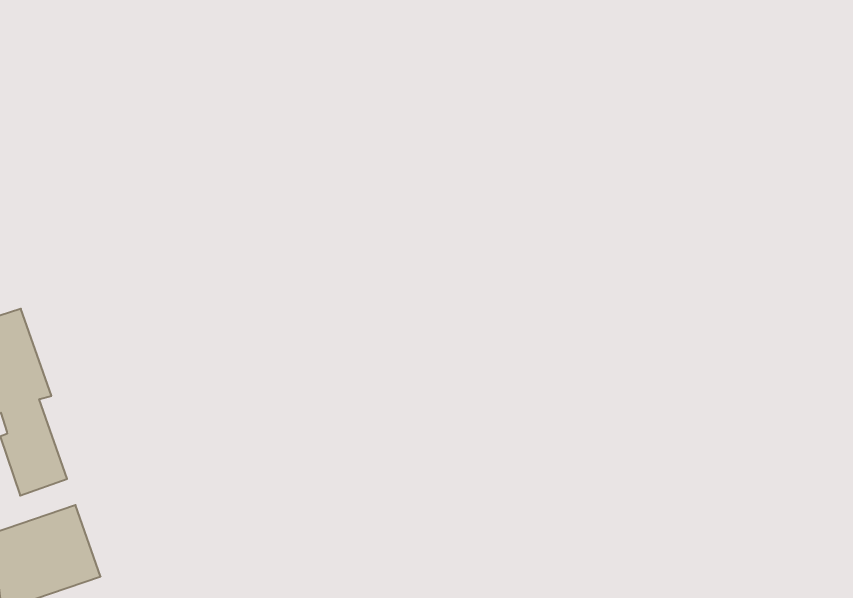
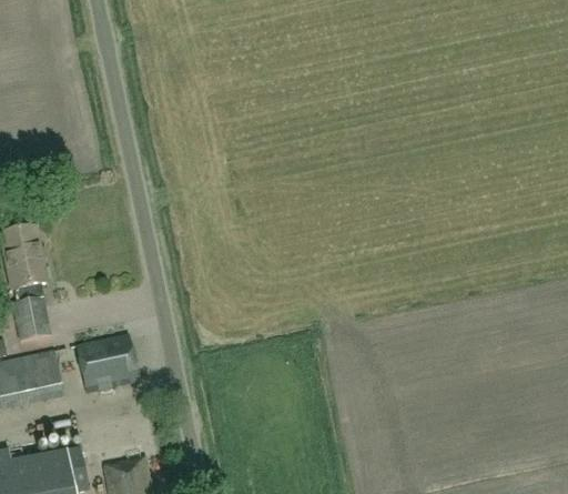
building: none -> [75,333,139,391]

